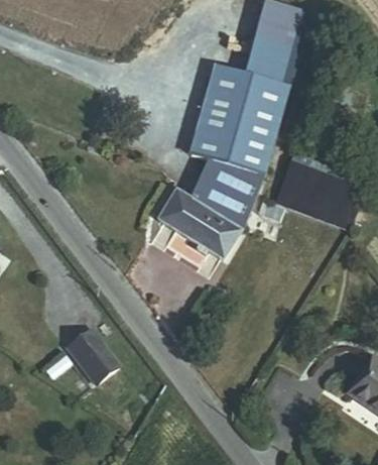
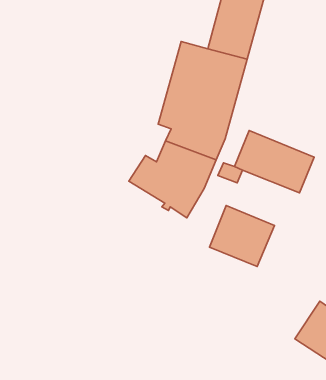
building: none -> [209,206,275,267]
building: [68,328,119,382] -> none

